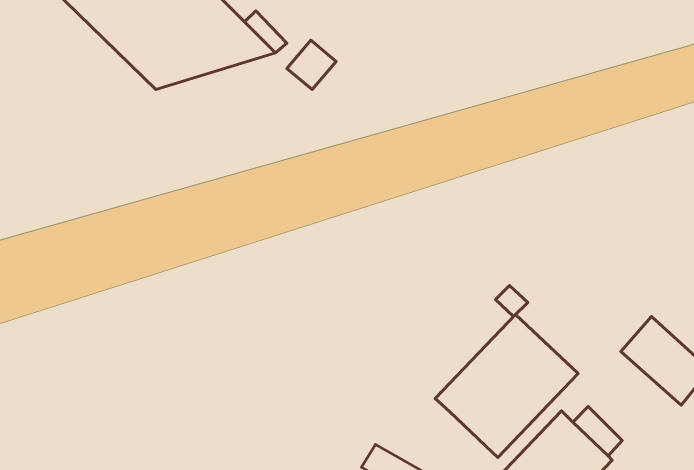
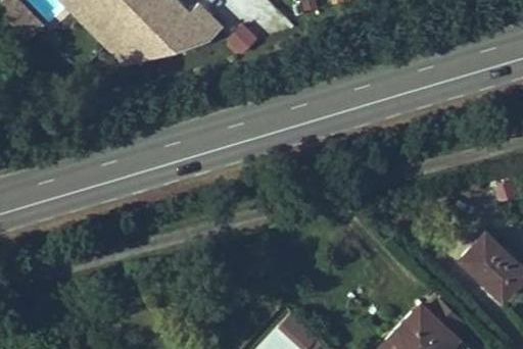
building: [435,315,578,457] -> none

